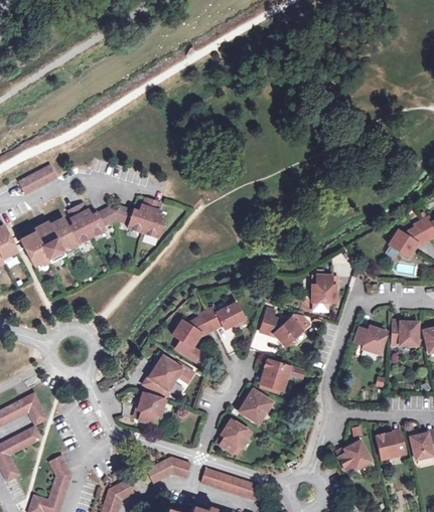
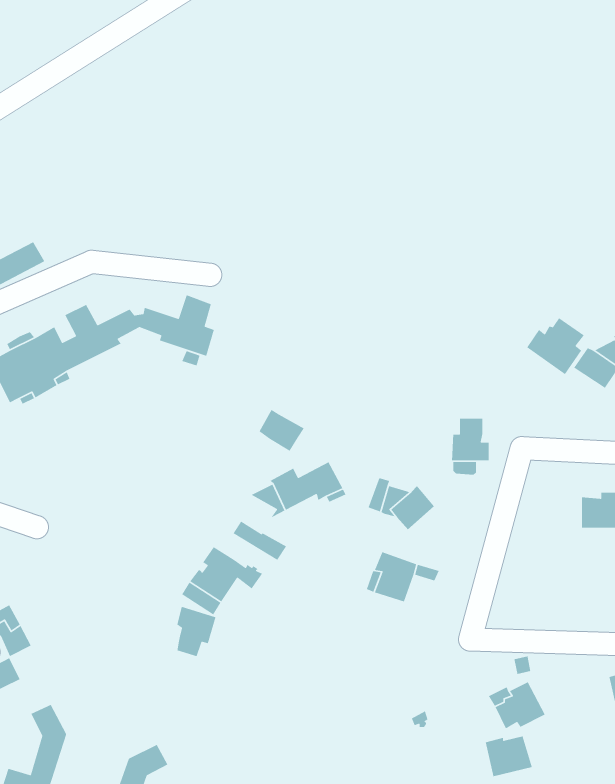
building: none -> [526,317,585,375]
building: [172,321,201,348] -> [258,409,305,452]
building: [354,328,387,355] -> none
building: [239,389,272,424] -> none
building: [219,419,250,453] -> none
building: [376,434,406,460] -> [485,735,533,777]
building: [145,457,190,483] -> none
building: [200,468,260,500] -> none

